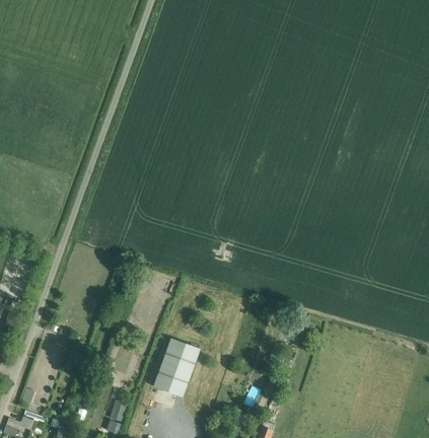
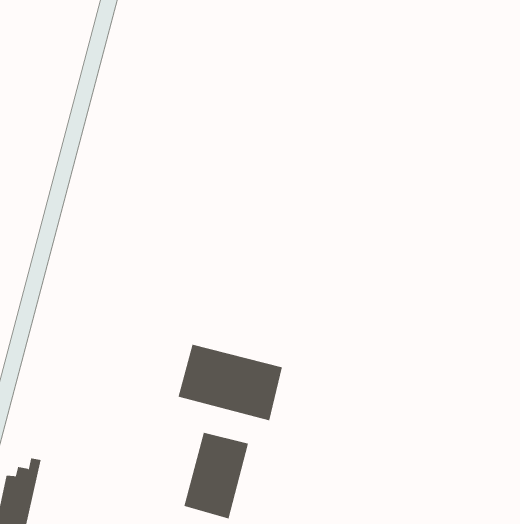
building: none -> [178,344,283,421]

